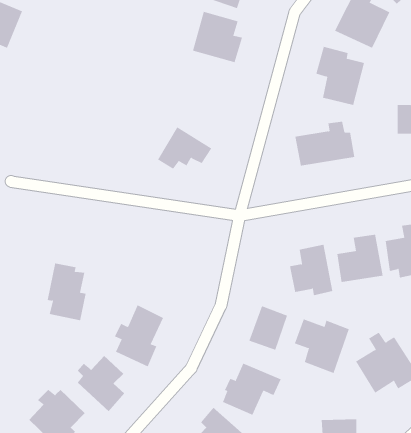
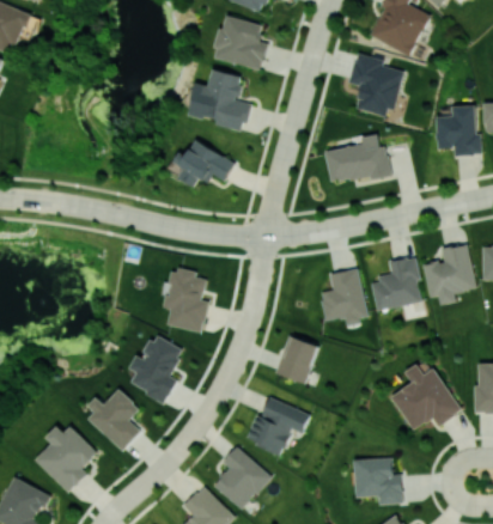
building: none -> [189,69,249,132]
building: [47,263,86,321] -> [164,268,207,331]
building: [294,319,349,374] -> none

